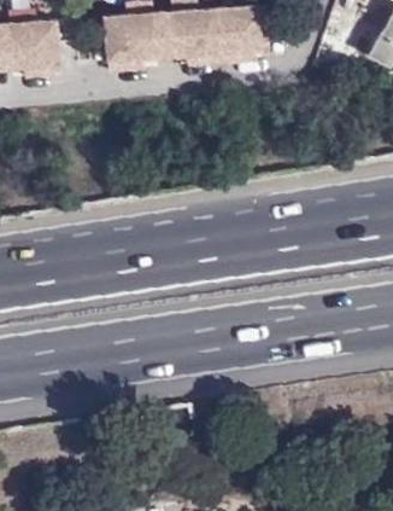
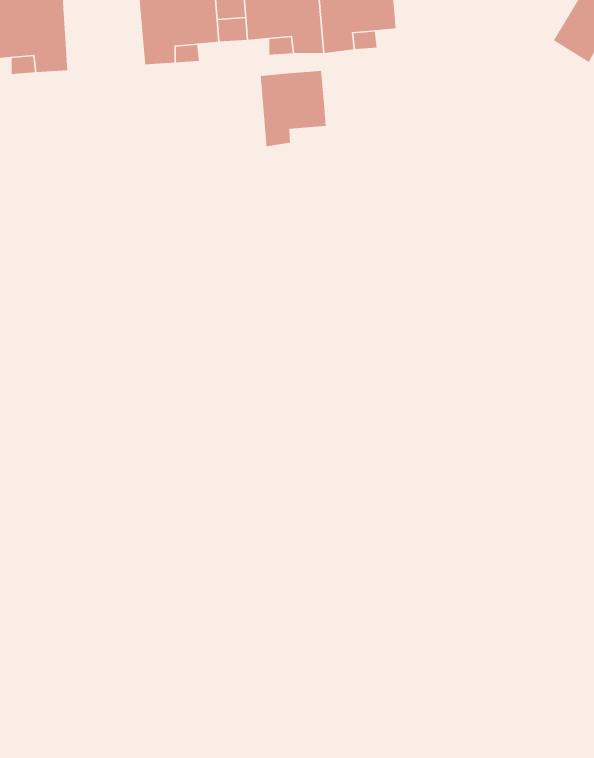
building: none -> [260,70,327,147]

